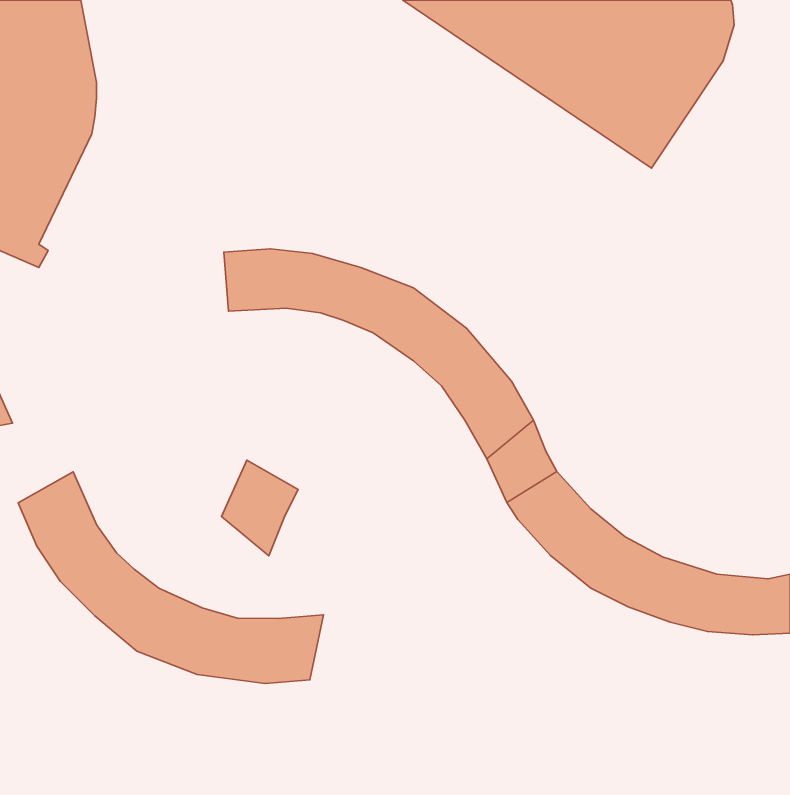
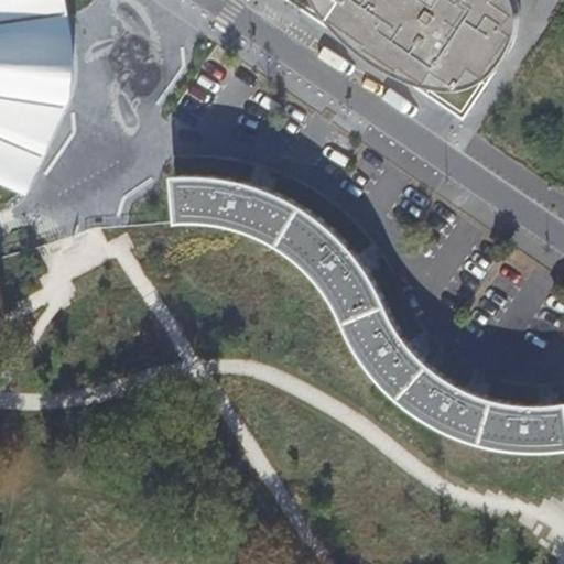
building: [222,460,298,556] -> none
building: [18,472,323,683] -> none

